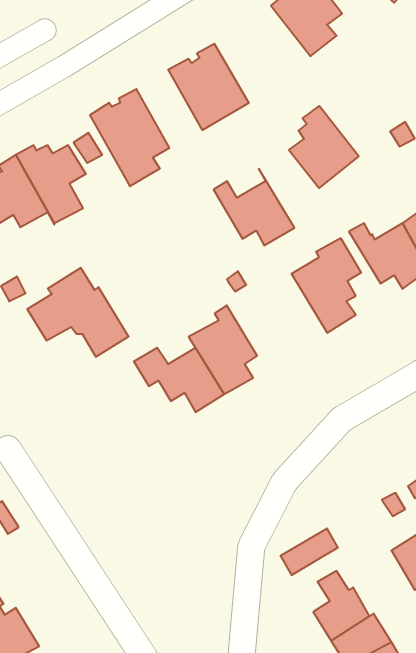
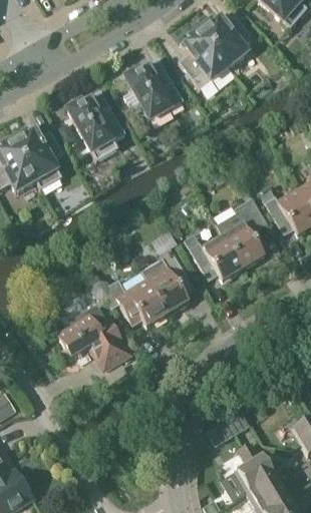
building: [289,106,359,188] -> [178,29,229,89]
building: [214,169,294,246] -> [182,225,241,282]
building: [27,268,129,357] -> [55,304,129,369]

